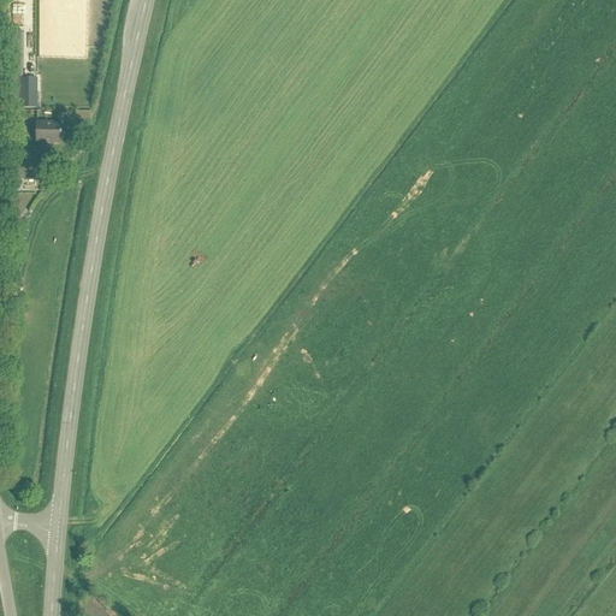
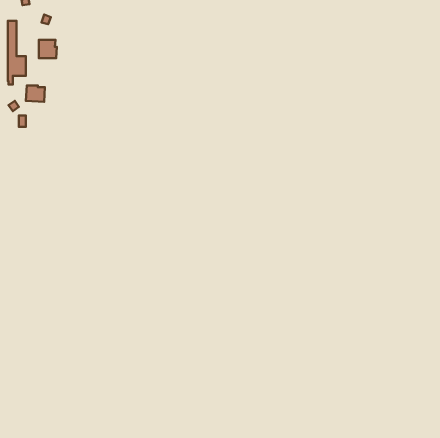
building: none -> [39,40,57,58]

